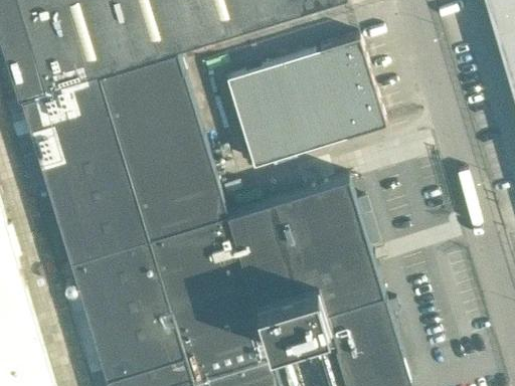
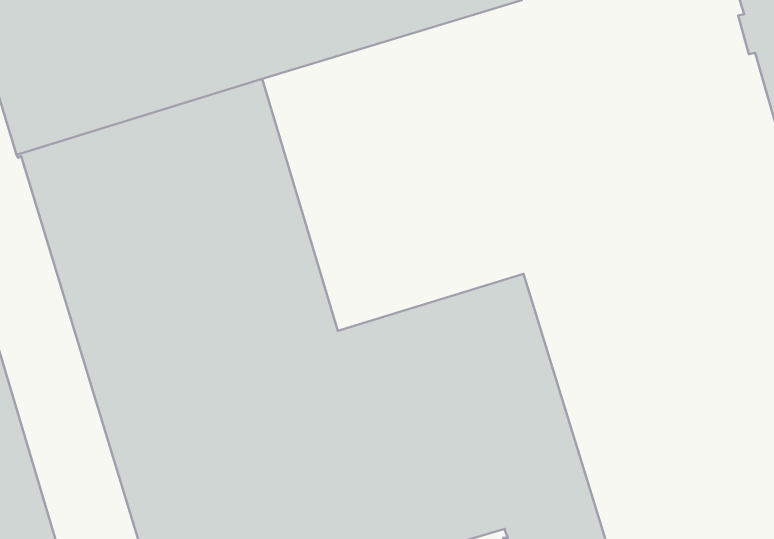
building: [226,38,386,167] -> none

